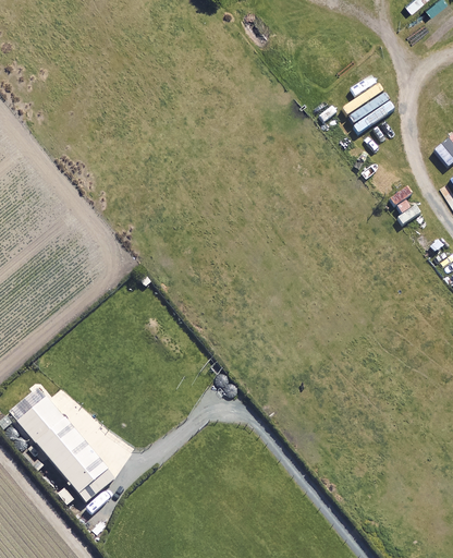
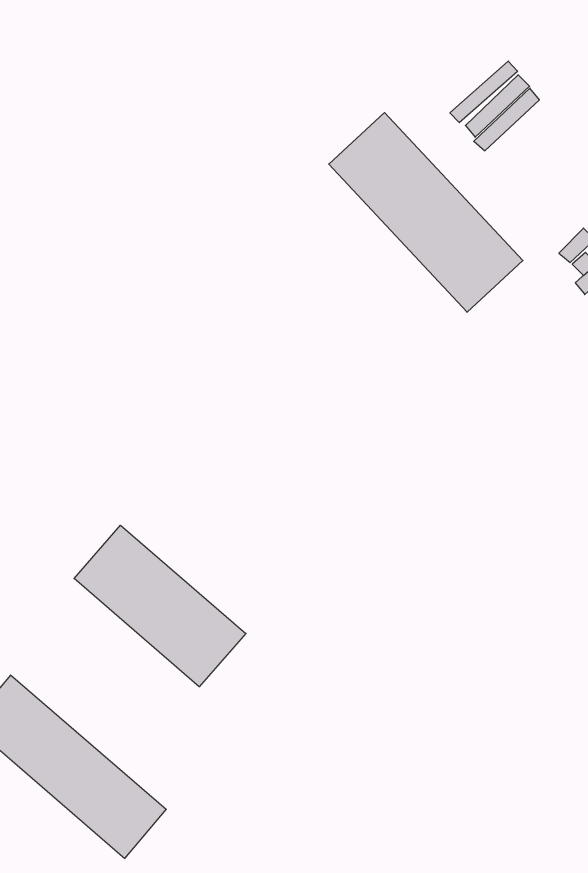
building: none -> [329,113,523,312]
building: none -> [74,525,246,687]

